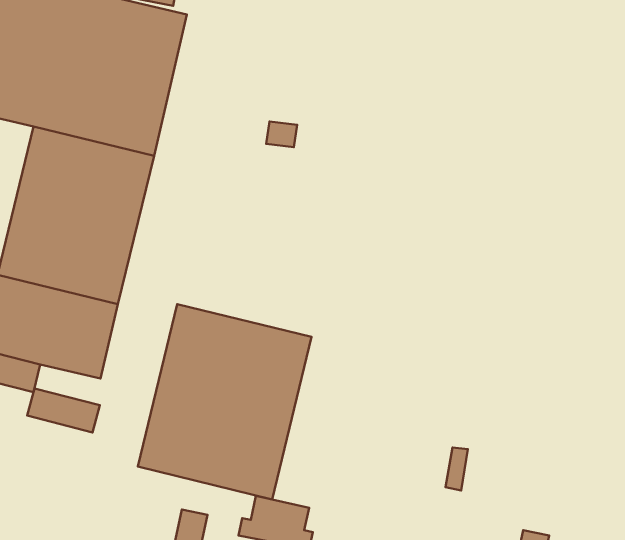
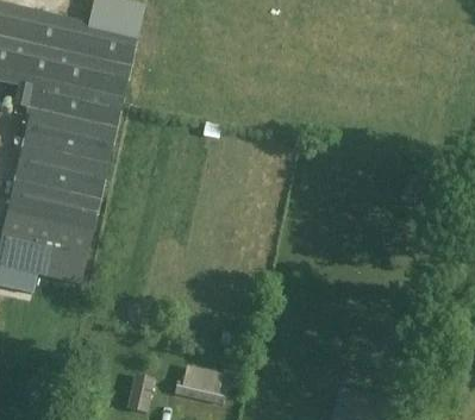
building: [138,304,311,499] -> none
building: [27,389,100,432] -> none

